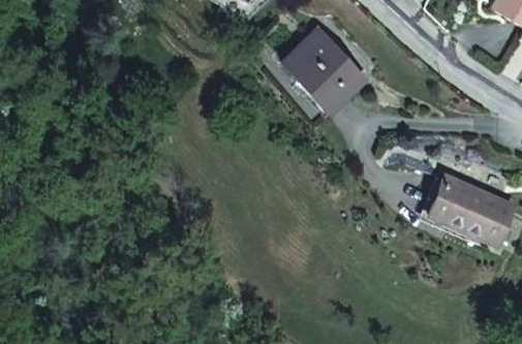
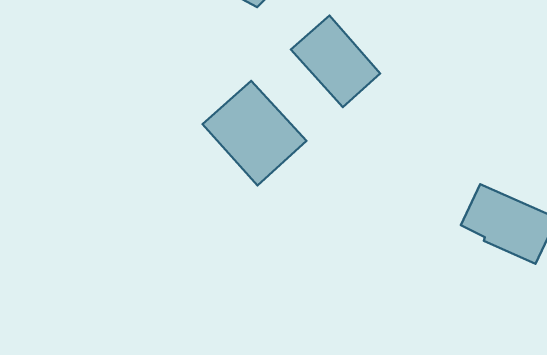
building: none -> [203,81,306,185]

